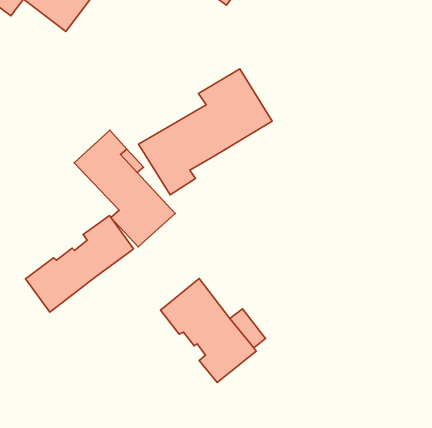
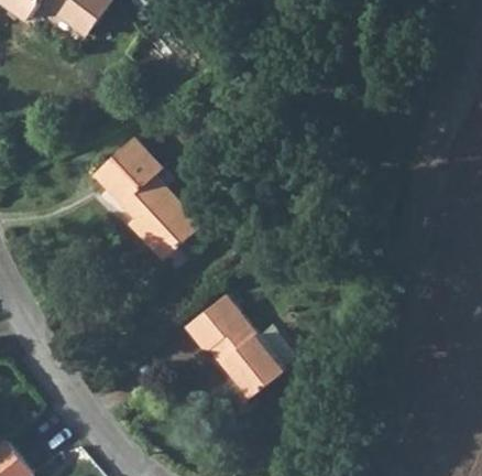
building: [139,69,272,195] -> none
building: [26,215,133,312] -> none

